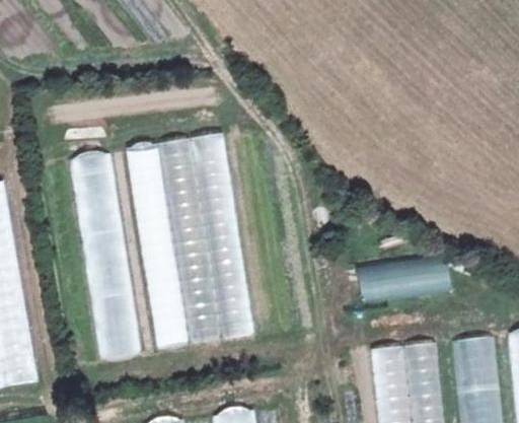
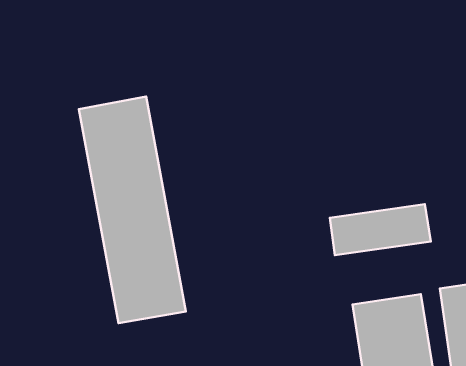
building: [205,140,254,344] -> none
building: [72,151,137,360] -> none

